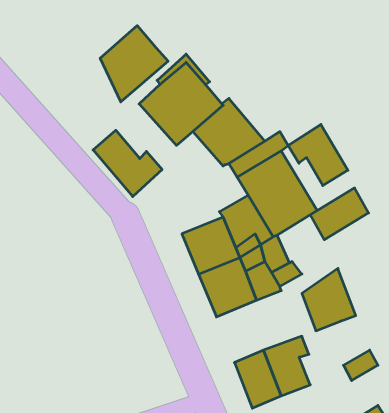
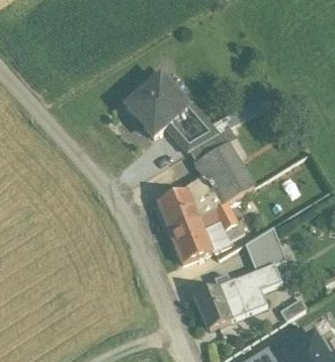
building: [100,26,168,102] -> none
building: [288,124,348,186] -> none
building: [93,130,162,197] -> none
building: [310,188,369,240] -> none
building: none -> [243,264,279,310]

